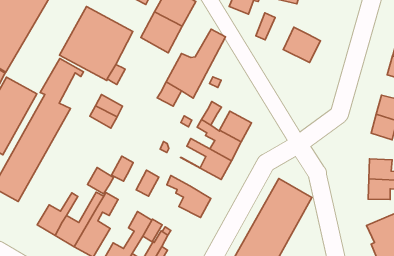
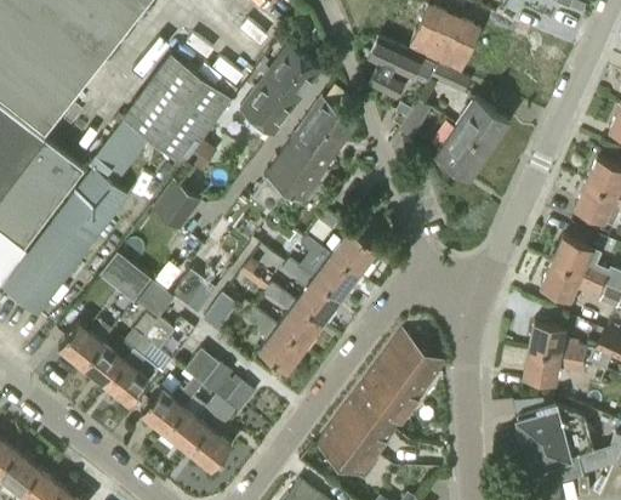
building: none -> [454,97,507,149]
building: none -> [292,98,338,147]
building: none -> [99,255,149,302]
building: none -> [264,284,323,347]

